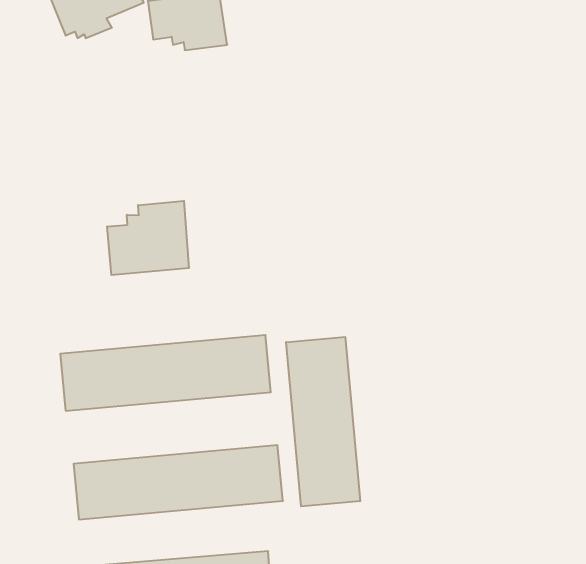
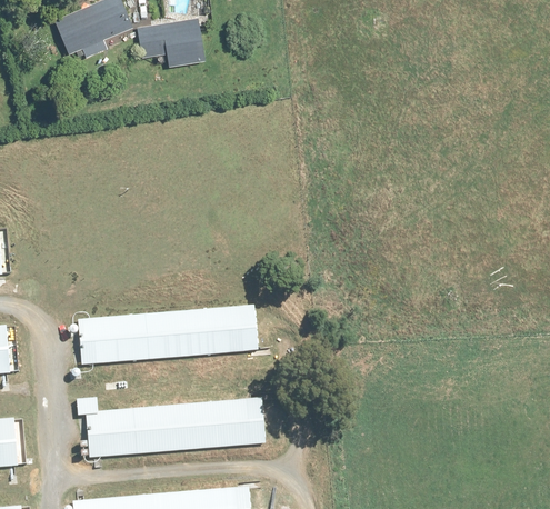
building: [107,201,189,275] -> none
building: [286,337,360,506] -> none

